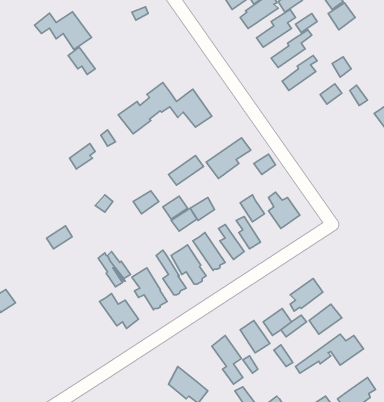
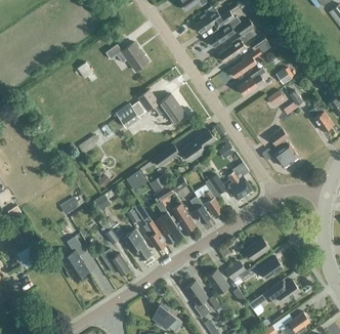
building: [35,12,91,50] -> [105,43,148,72]
building: none -> [269,128,299,168]
building: none -> [60,237,89,281]

